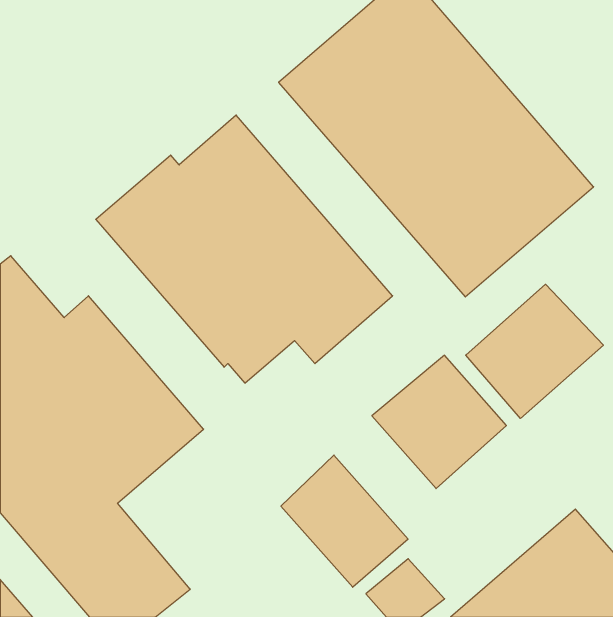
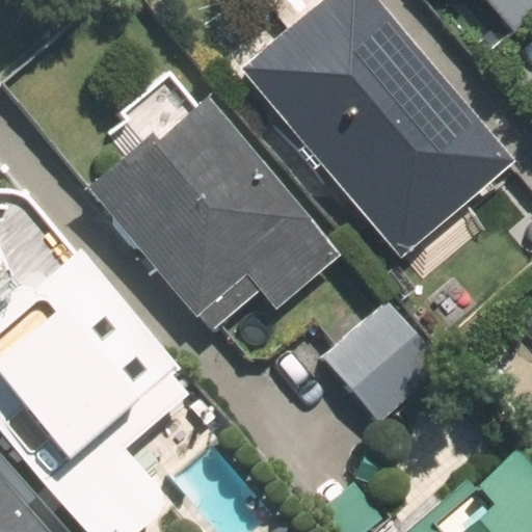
building: [466,284,603,418] -> none
building: [281,455,408,587] -> none

